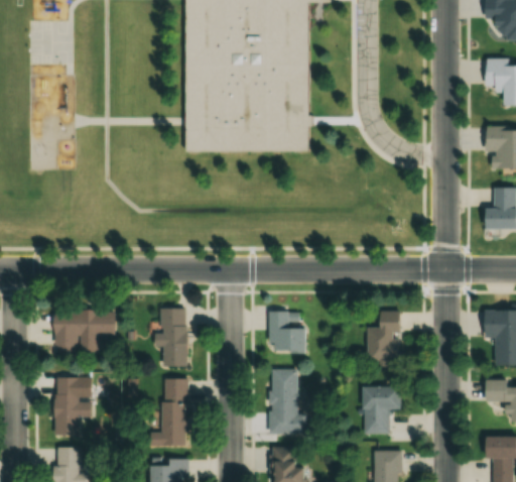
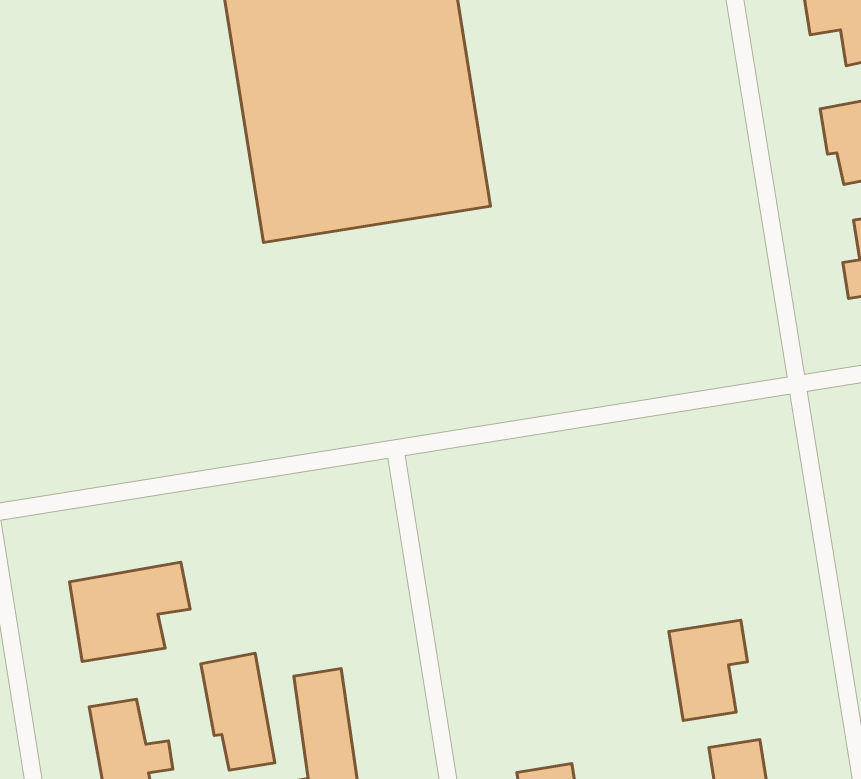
building: [158,308,188,366] -> [201,653,275,770]
building: [367,310,399,364] -> none
building: [269,311,305,352] -> none
building: [271,368,307,434] -> none

